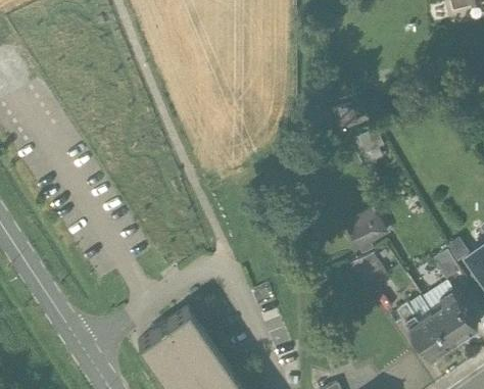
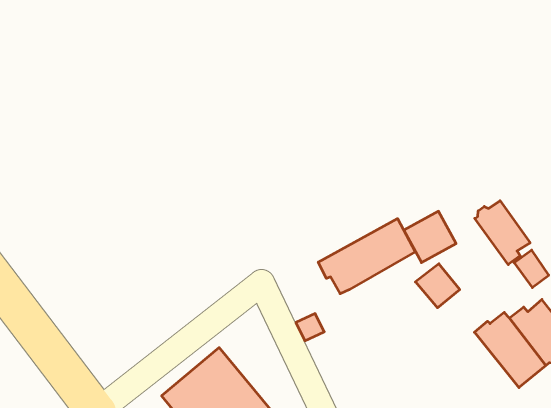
building: none -> [475,201,530,265]
building: none -> [318,219,415,294]

